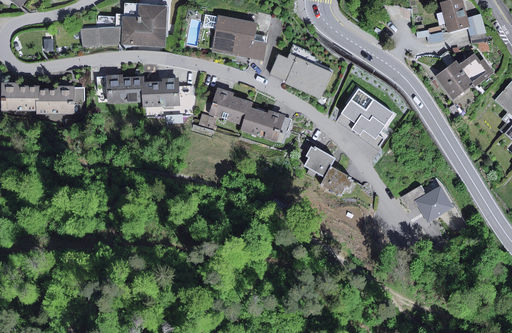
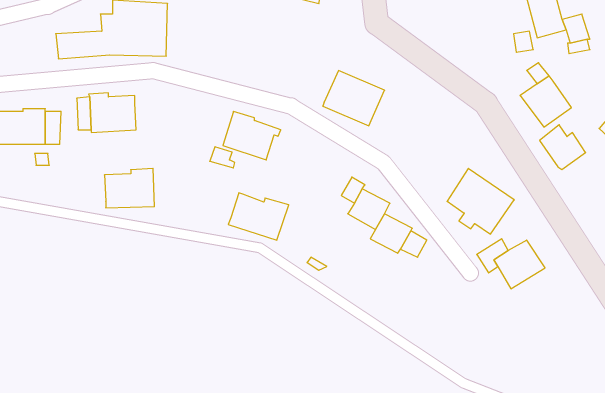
building: [202,14,266,61] -> none
building: [459,53,494,87] -> [540,125,586,169]
building: [270,54,296,81] -> none
building: [141,77,179,107] -> [104,168,154,208]
building: [342,89,393,139] -> [447,168,514,234]
building: [239,106,285,142] -> [228,193,289,240]

